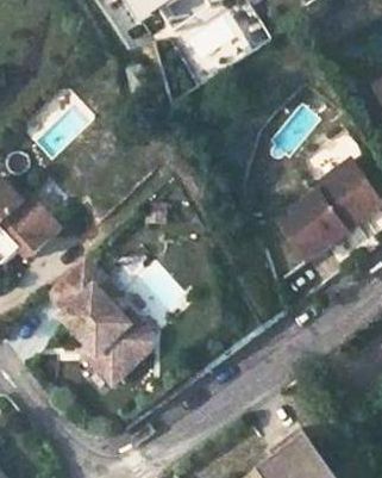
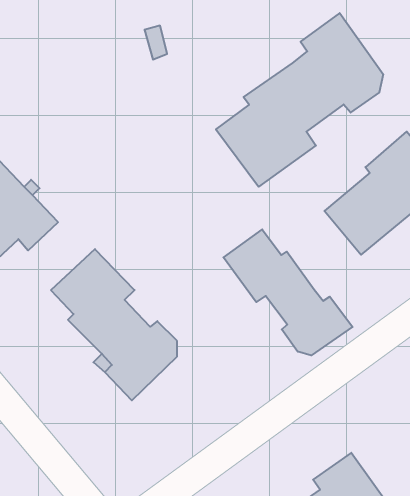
building: none -> [216,13,383,187]
building: none -> [223,229,353,355]

